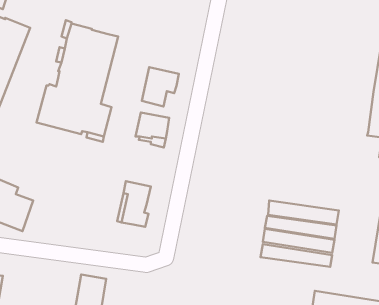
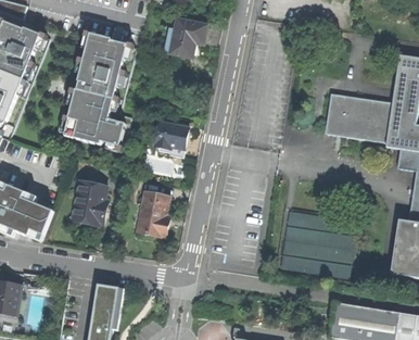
building: [142,67,179,106] -> [169,18,206,58]
building: none -> [325,93,392,142]
building: none -> [76,180,107,223]

